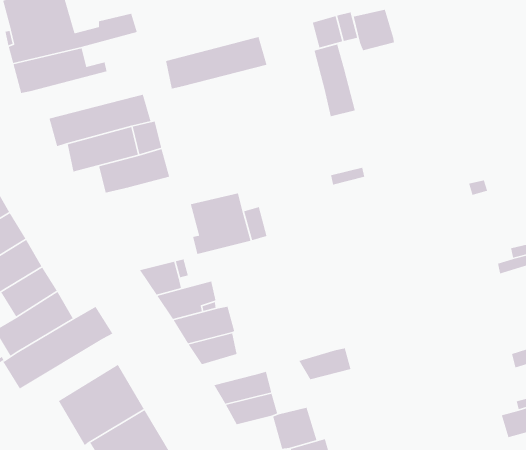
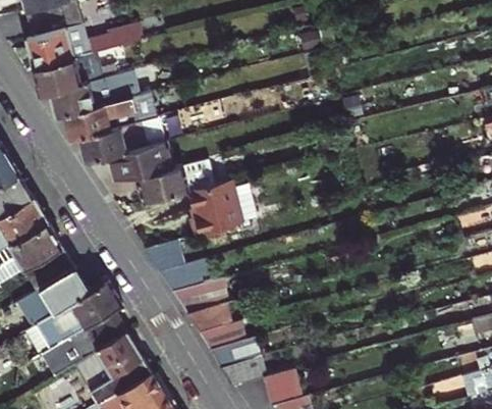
building: [353,9,395,51] -> none
building: [165,36,267,89] -> [51,70,141,117]
building: [314,43,356,117] -> none
building: none -> [136,164,189,202]
building: none -> [42,310,126,375]
building: [298,348,351,380] -> [200,321,247,350]

